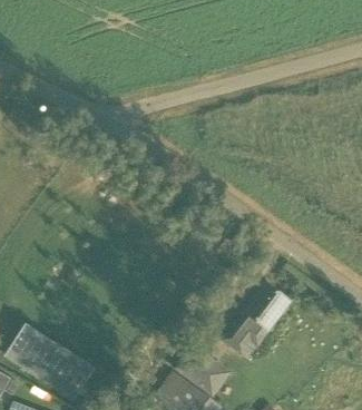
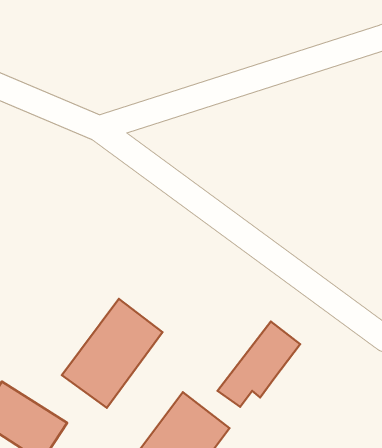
building: none -> [62,299,163,408]

